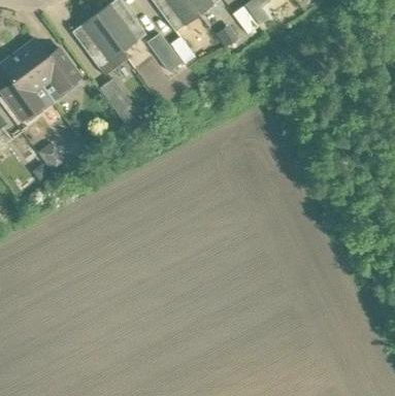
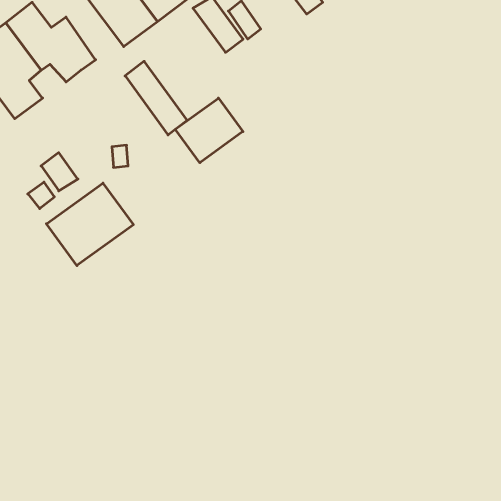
building: none -> [175,98,243,163]
building: none -> [46,183,133,266]

